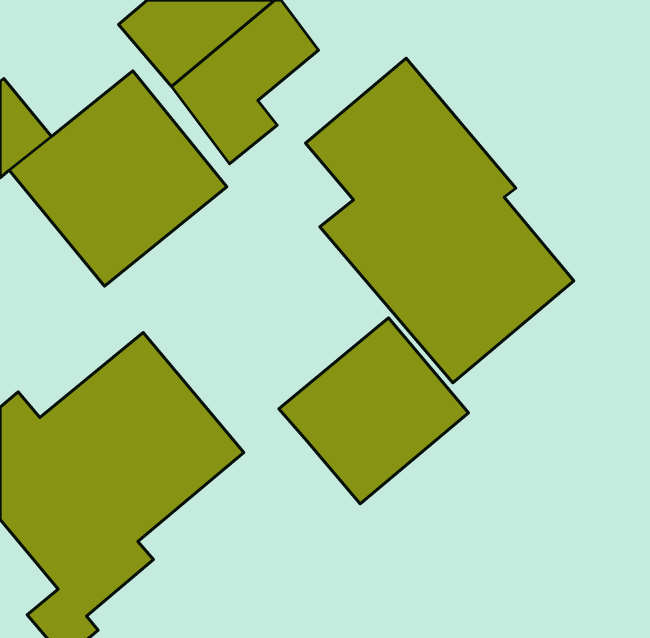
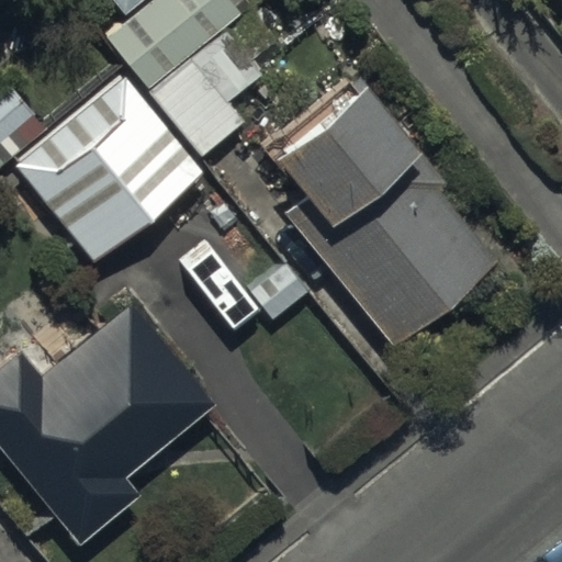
building: [279,318,468,504] -> none

